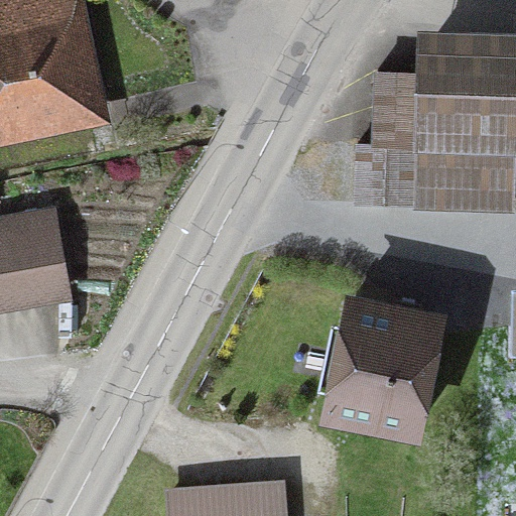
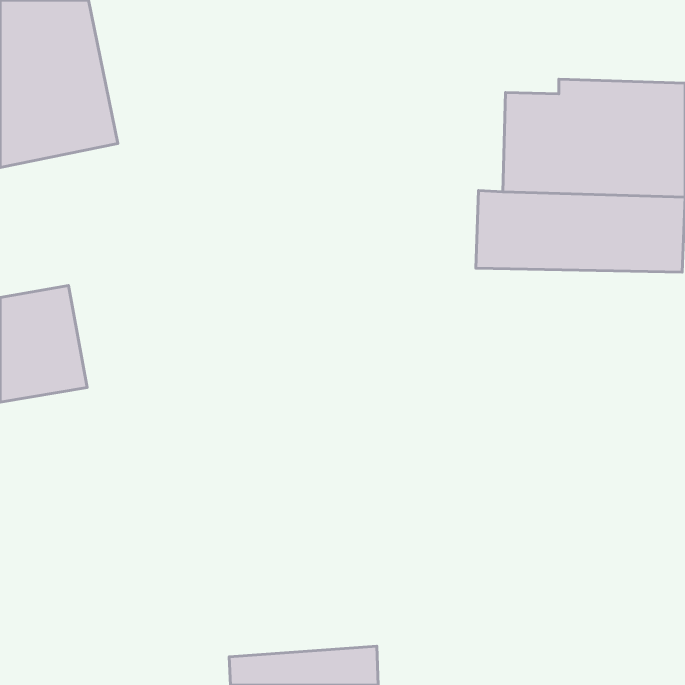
building: [333,302,437,420] -> none

